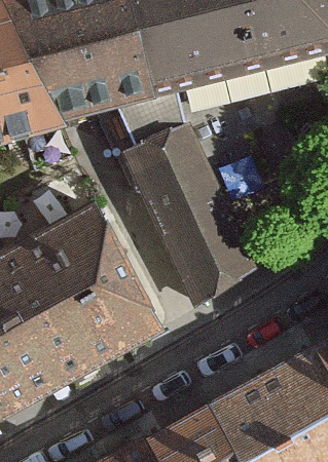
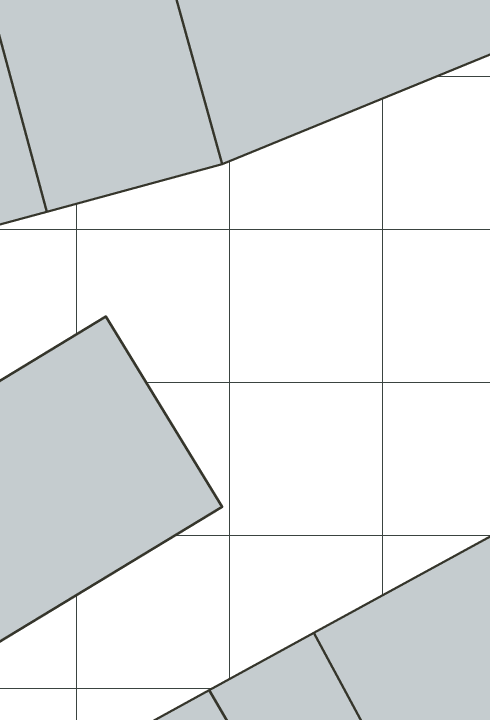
building: [118,124,249,295] -> none

